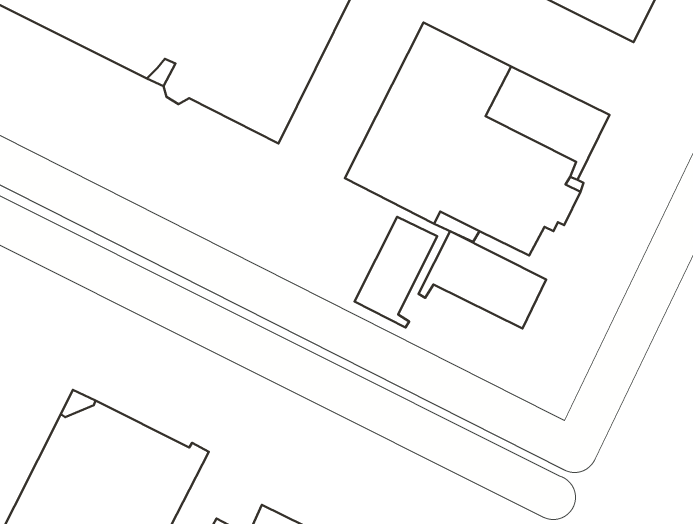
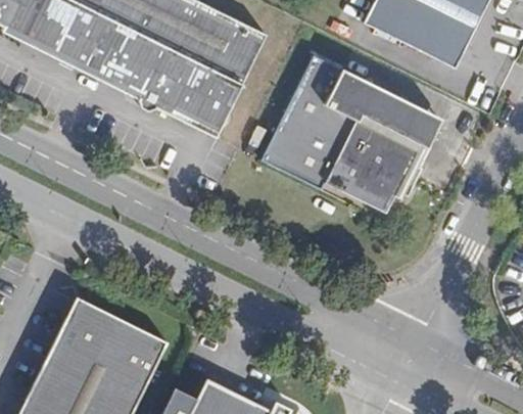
building: [355,217,437,327] -> none
building: [418,231,546,329] -> none

